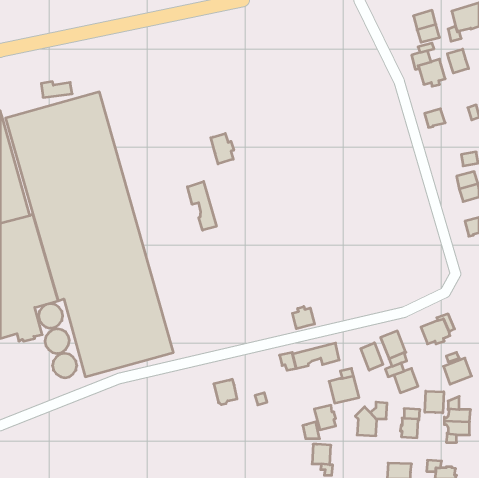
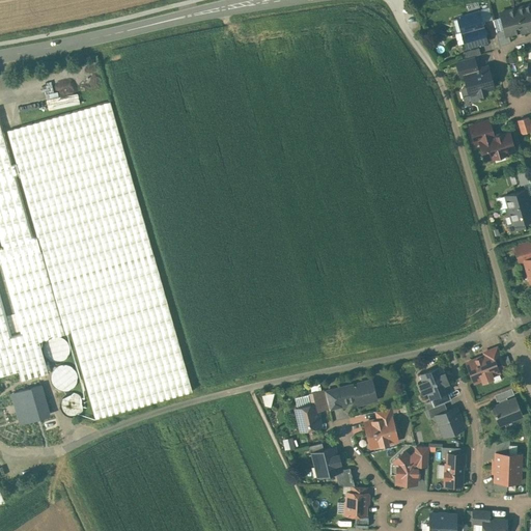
building: [447,49,469,73] -> none
building: none -> [479,132,513,160]
building: [211,133,234,164] -> none
building: [187,181,216,230] -> none
building: [292,306,315,329] -> none
building: [361,343,383,370] -> none
building: none -> [10,385,51,425]
building: [214,379,237,405] -> [295,404,320,432]
building: [425,391,444,413] -> none
building: [314,405,336,430] -> [315,448,339,475]

